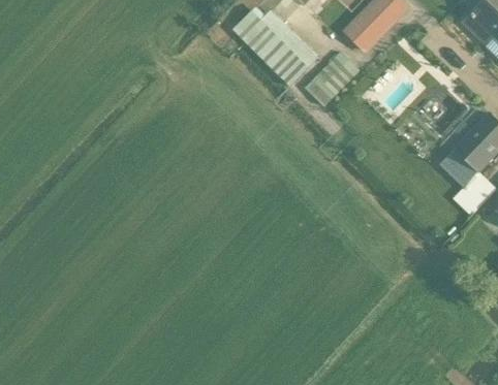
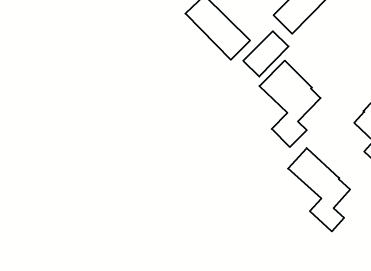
building: none -> [259,61,321,147]
building: none -> [288,148,350,231]

